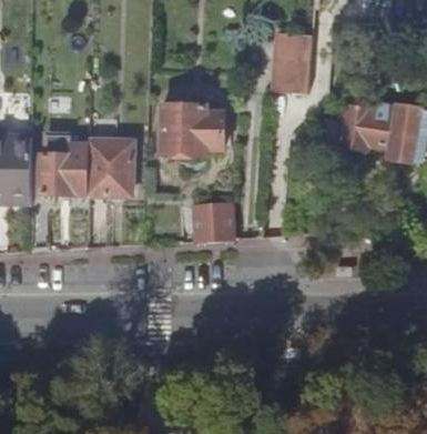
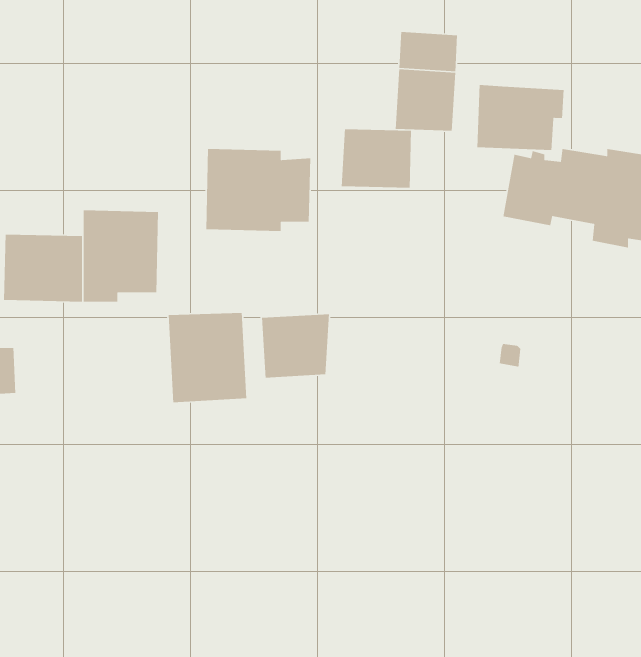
building: none -> [477,84,565,151]
building: none -> [341,129,412,189]
building: none -> [168,312,247,403]

